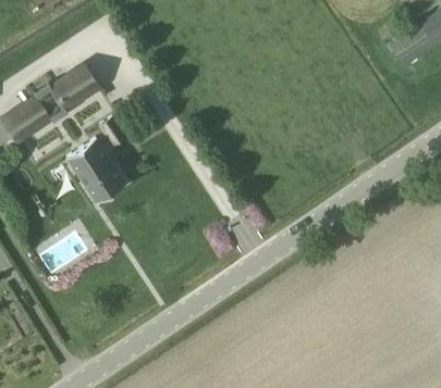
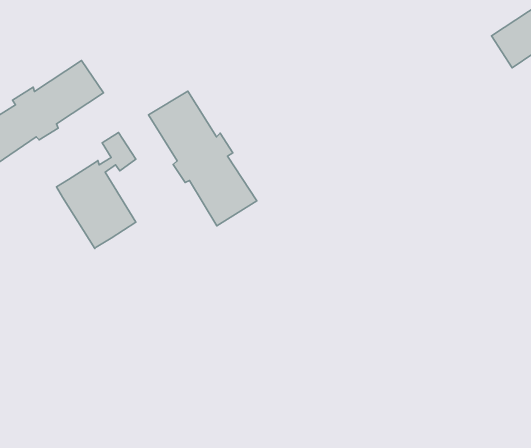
building: none -> [149,91,257,226]

